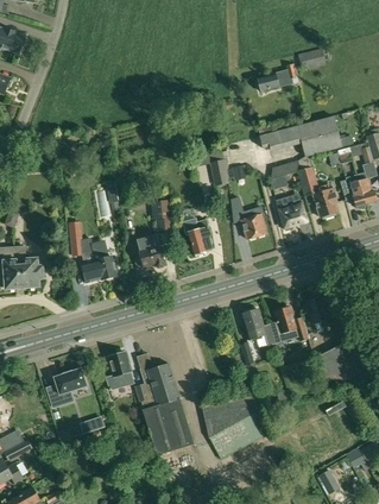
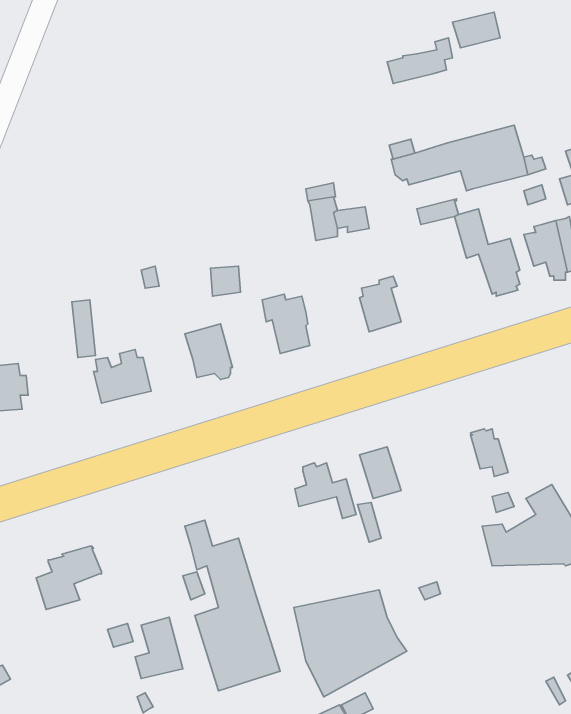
building: [276,194,307,231] -> none
building: [271,308,308,341] -> [295,463,356,519]
building: [106,353,134,390] -> [135,617,183,679]

